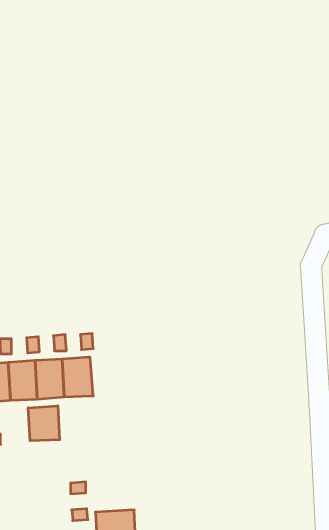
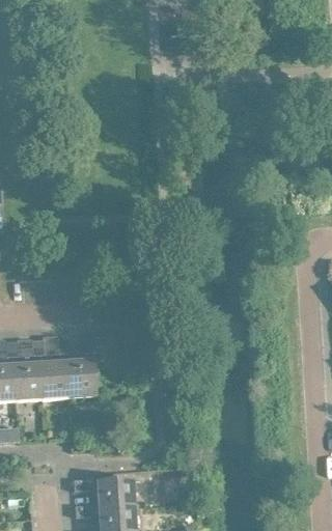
building: [28,406,60,441] -> none
building: none -> [95,478,135,507]

